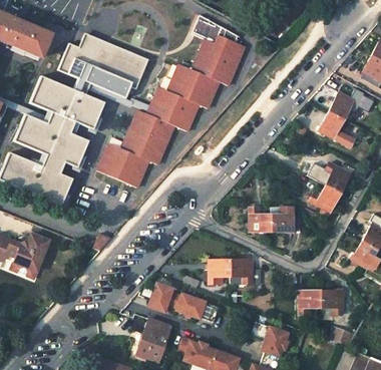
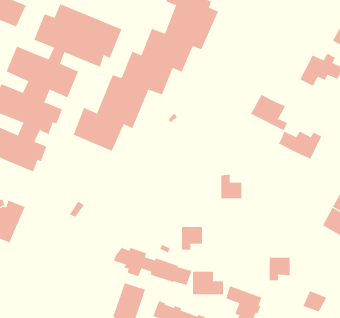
building: [318,110,356,147] -> [250,94,288,131]
building: [310,184,340,211] -> none
building: [271,207,294,232] -> none
building: [231,260,263,284] -> [192,271,224,295]
building: [320,291,343,316] -> none

